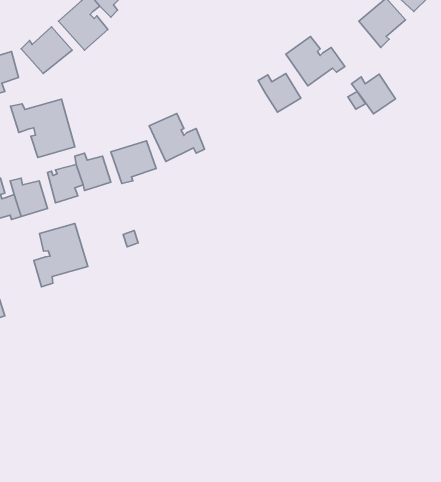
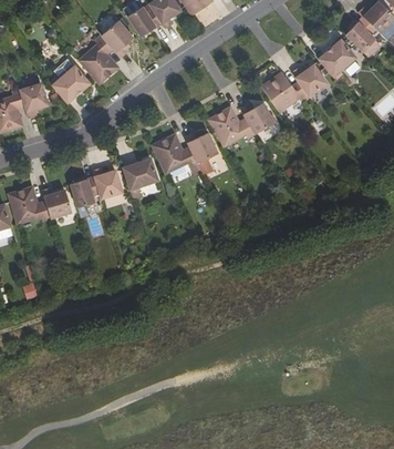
building: [352,74,396,114] -> [291,64,326,96]
building: none -> [208,106,255,146]
building: [11,99,75,158] -> none
building: none -> [184,132,216,163]
building: [34,224,88,287] -> none

